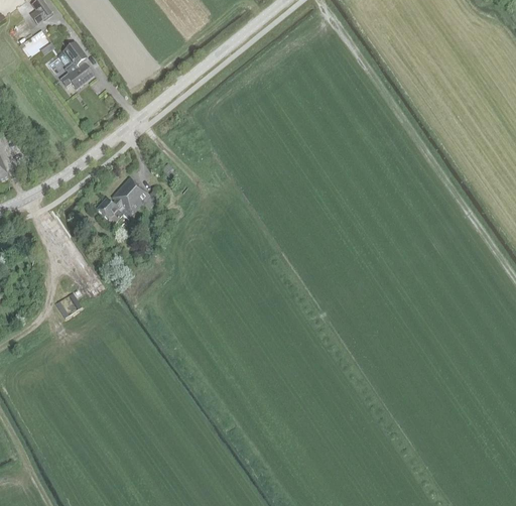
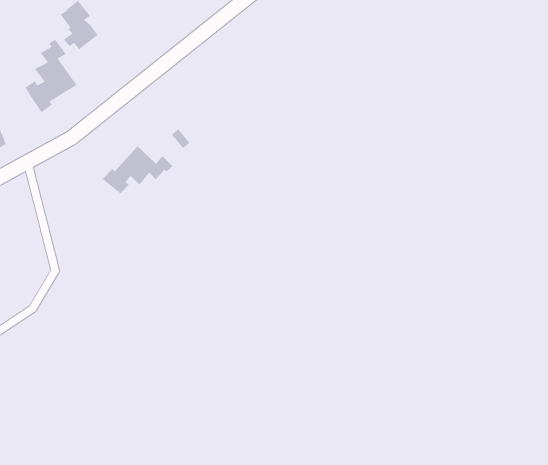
building: none -> [25,38,77,113]

